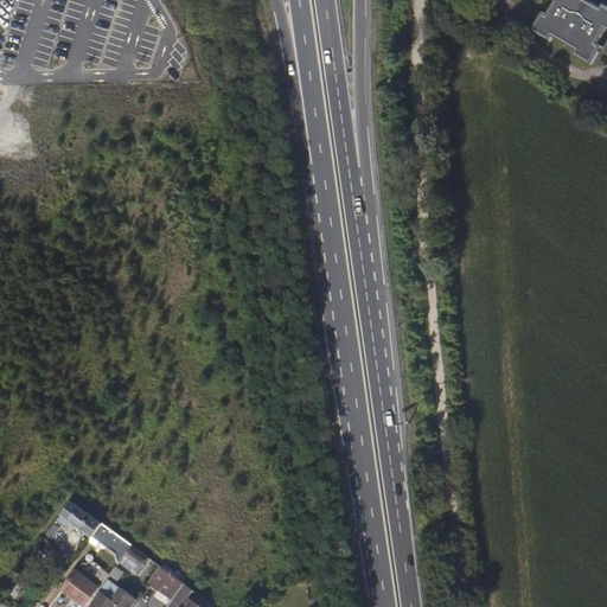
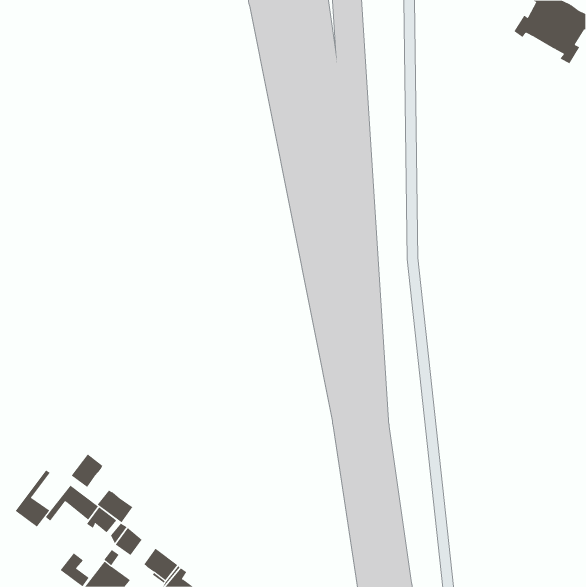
building: none -> [71,453,103,488]
building: none -> [15,469,51,528]
building: none -> [97,490,133,523]

